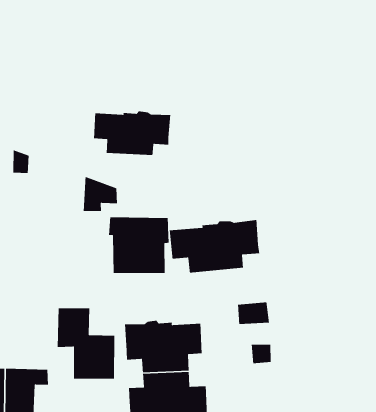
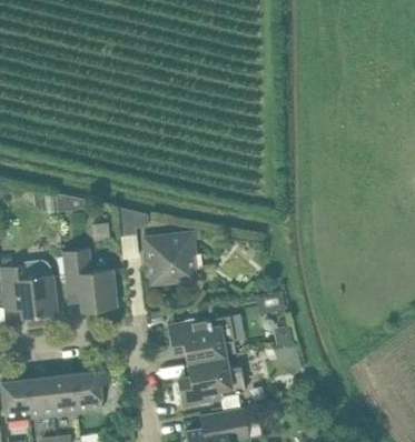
building: [93,111,171,156] -> none
building: [169,219,260,274] -> none
building: [57,308,115,380] -> [62,250,117,311]

